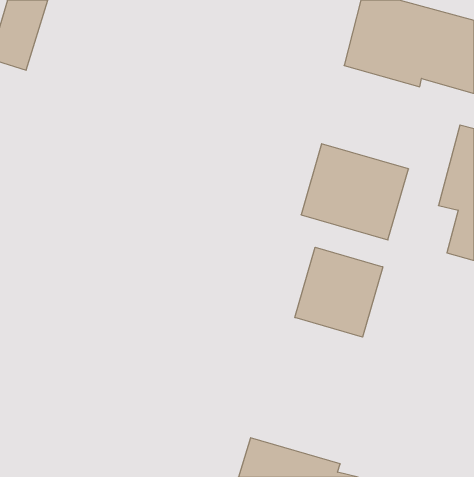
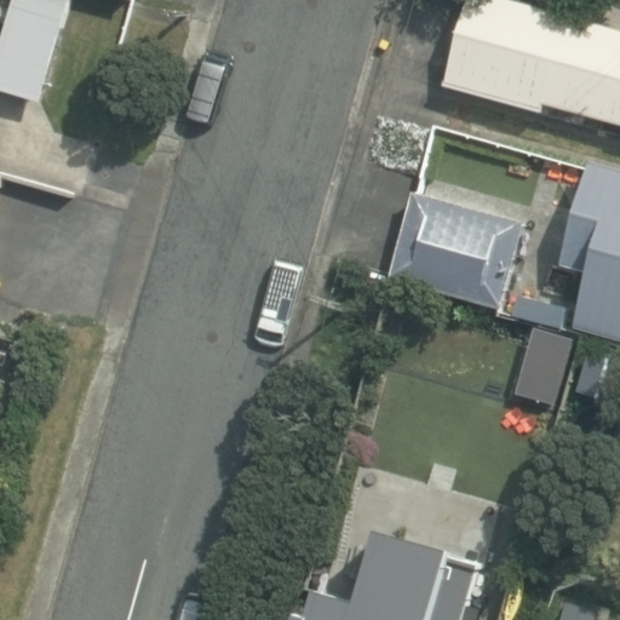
building: [295,247,383,337] -> none

